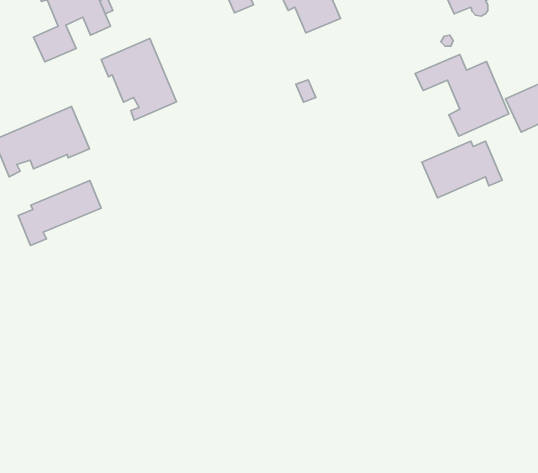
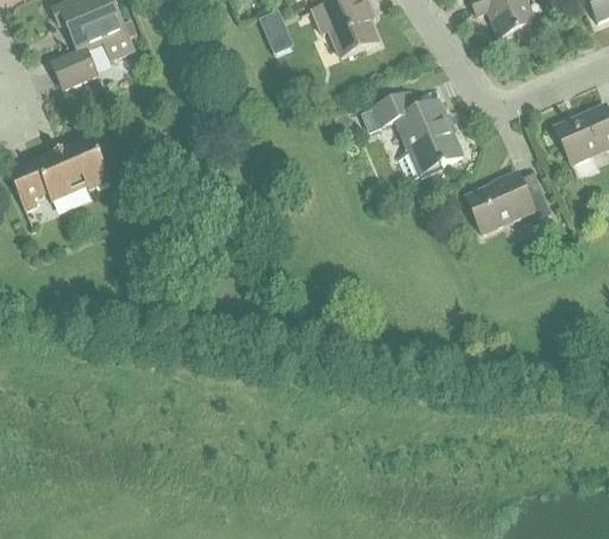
building: [101,39,177,120] -> none
building: [415,55,509,136] -> [362,92,462,178]
building: [18,181,101,246] -> none

